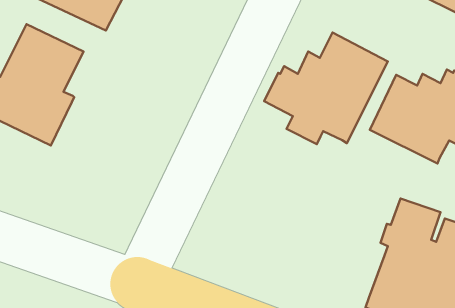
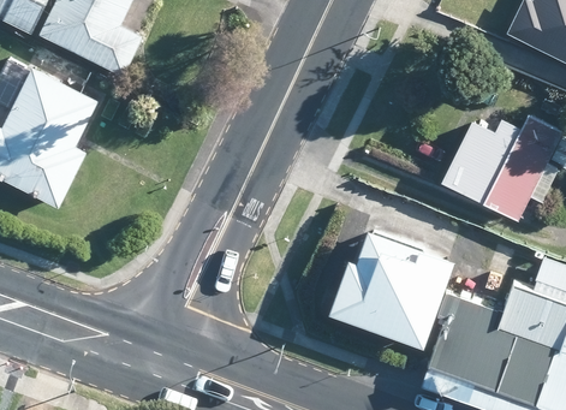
building: [264,32,388,144] -> none
building: none -> [327,231,452,349]

